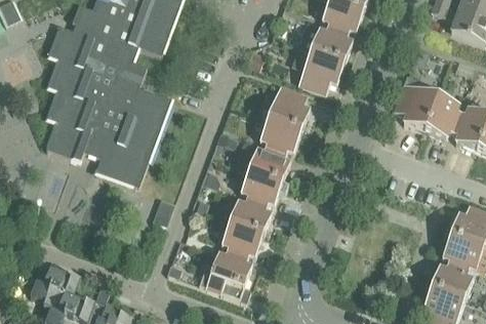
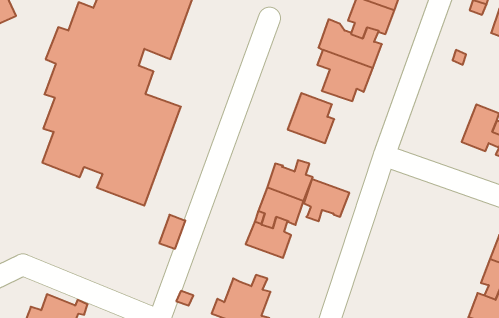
building: [394,77,439,130] -> none
building: [259,119,300,157] -> [304,179,349,221]
building: [220,222,262,260] -> none

